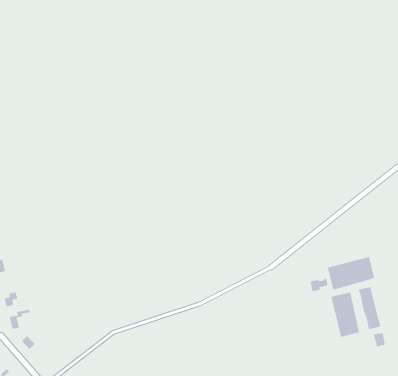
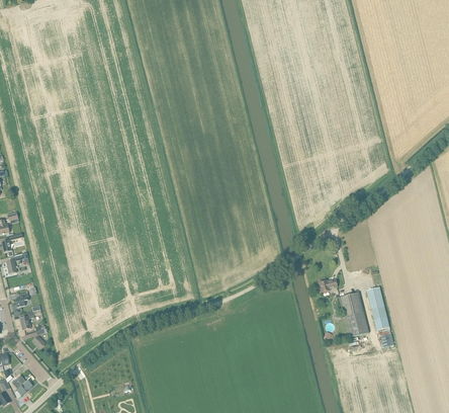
building: [327,256,375,290] -> none

